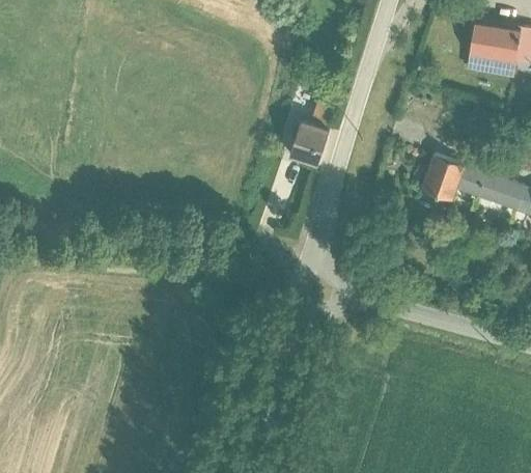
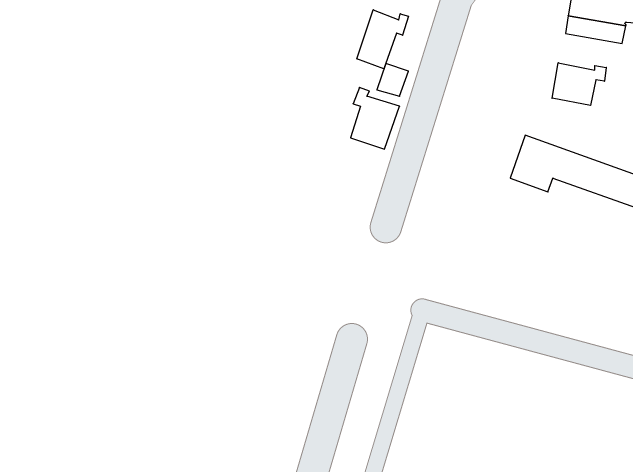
building: none -> [357,10,409,69]
building: none -> [552,63,606,105]

